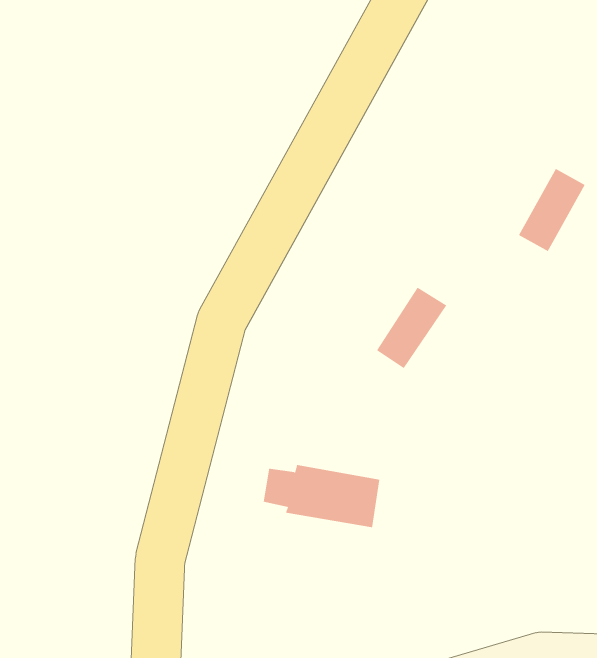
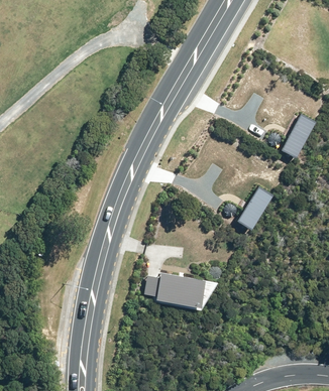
building: [376,287,447,369] -> [237,186,276,231]

